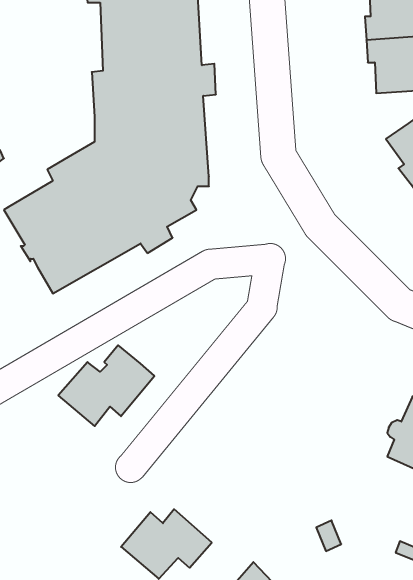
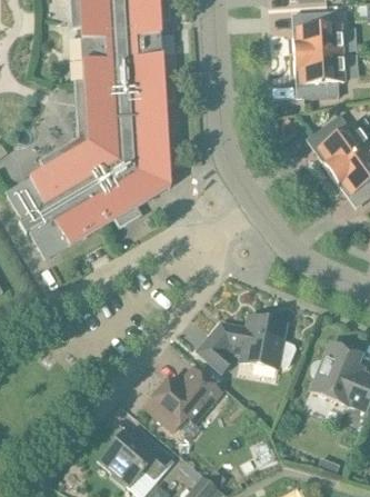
building: [58,345,154,426] -> [144,367,221,431]
building: none -> [197,316,287,372]

